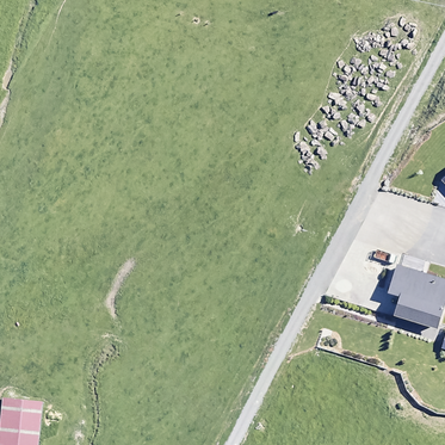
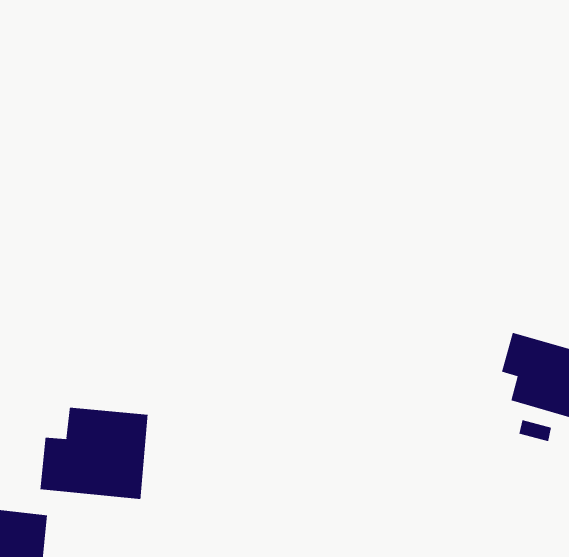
building: none -> [40,407,148,500]

